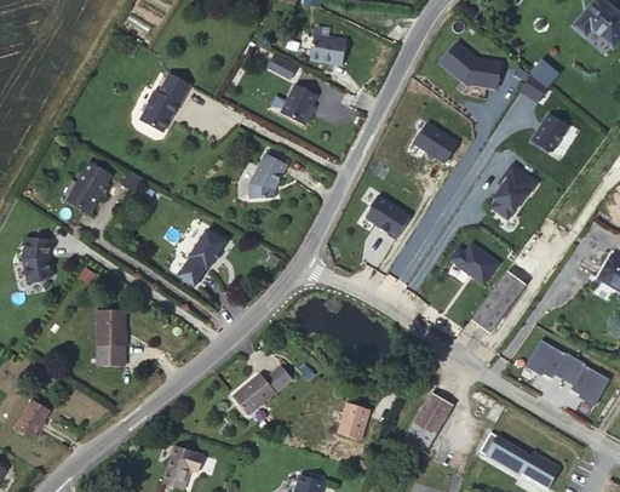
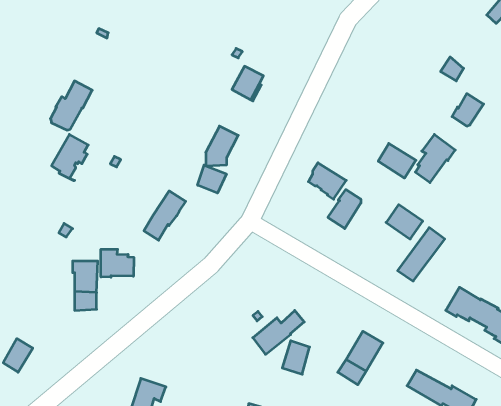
building: [309,34,346,64] -> none
building: [441,42,501,86] -> none
building: [142,71,190,128] -> [50,81,92,130]
building: [415,122,459,162] -> [378,143,416,178]
building: none -> [198,165,226,193]
building: none -> [328,190,361,229]
building: [19,236,52,284] -> none
building: none -> [101,249,134,277]
building: [232,364,292,414] -> [253,310,304,354]

